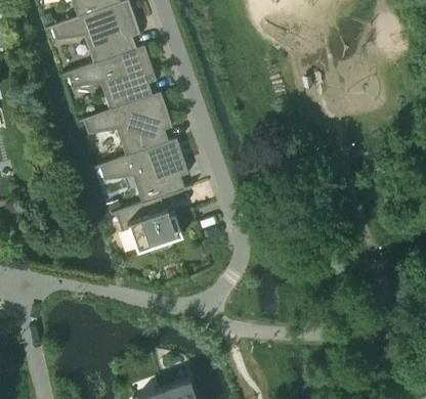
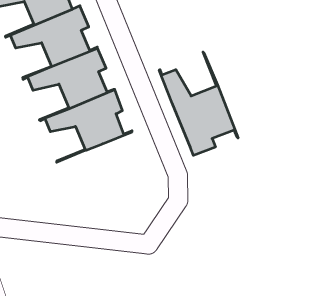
building: none -> [159,52,238,155]
building: [110,185,195,253] -> none

